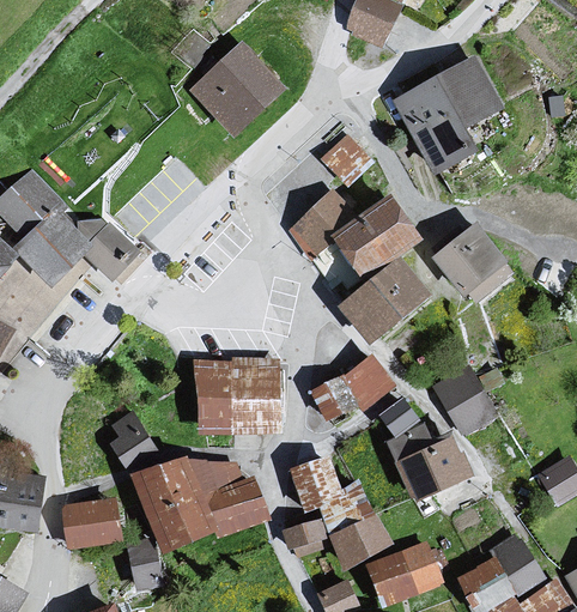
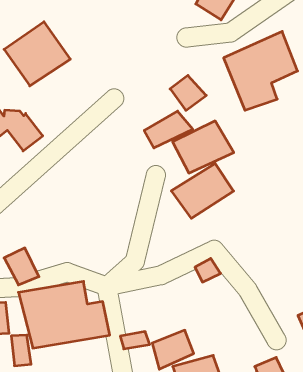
building: [188,43,286,139] -> [4,22,70,86]
building: [430,224,511,307] -> none
building: [305,355,394,423] -> none
building: [196,357,281,432] -> none
building: [431,357,494,428] -> none
building: [395,432,470,499] -> none
building: [291,454,342,513] -> none

